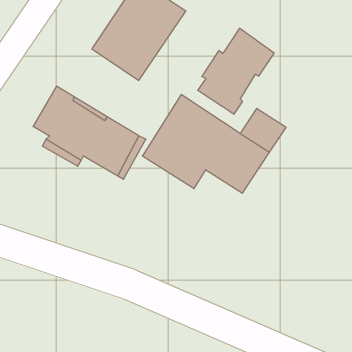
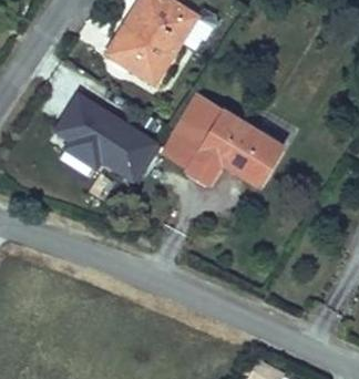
building: [198,28,274,114] -> none

